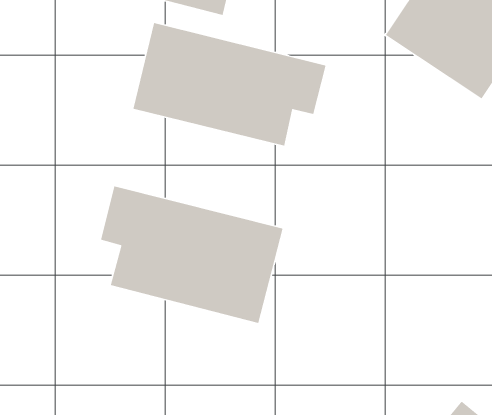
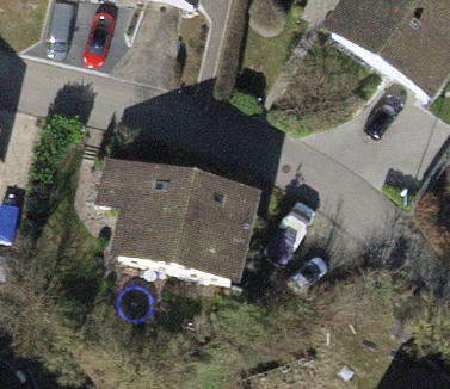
building: [132,22,326,146] -> none

